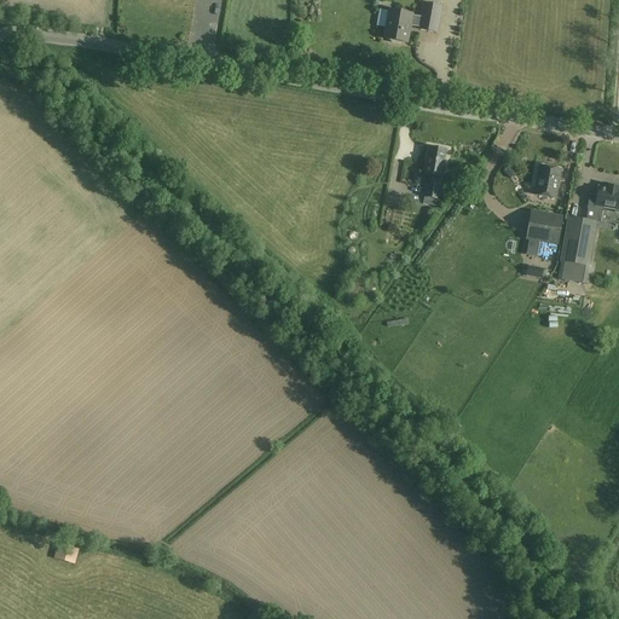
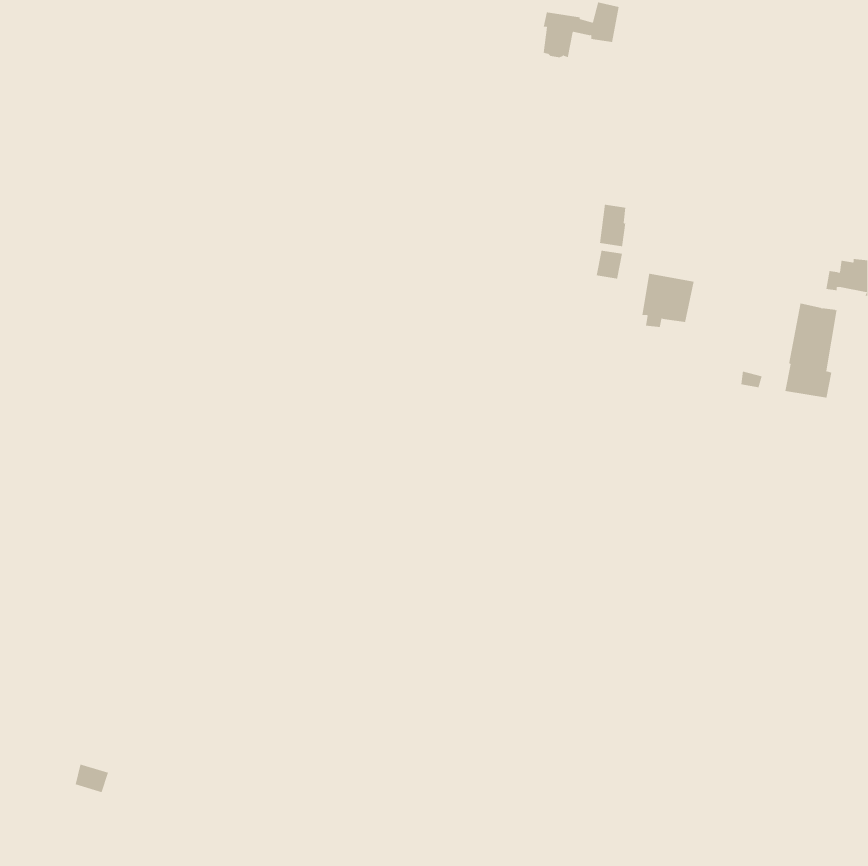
building: [534,164,561,197] -> none
building: [525,208,562,247] -> [642,273,694,328]

